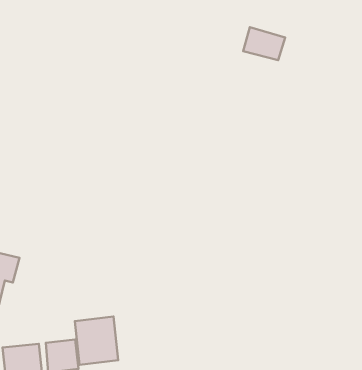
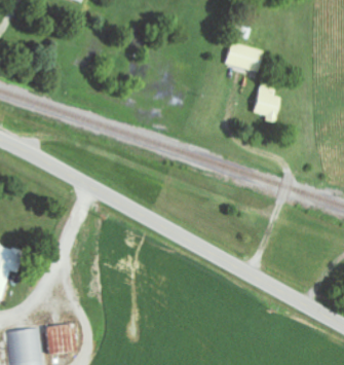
building: none -> [253,82,279,118]
building: [75,316,118,365] -> none

